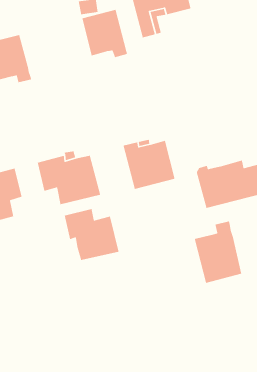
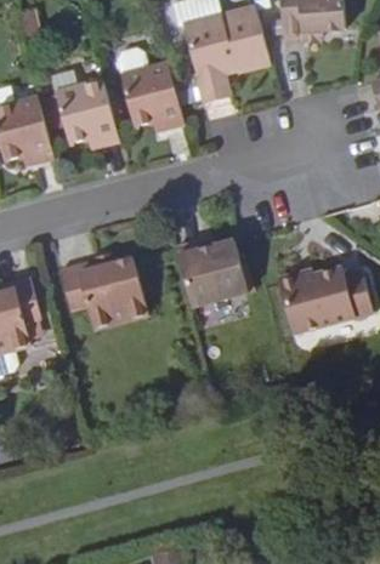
building: none -> [56,79,119,146]
building: [64,208,120,261] -> none
building: [194,220,242,284] -> none

